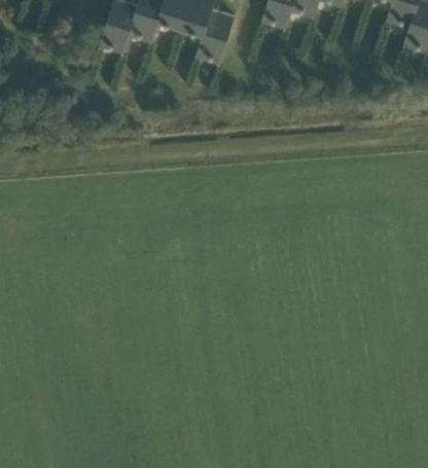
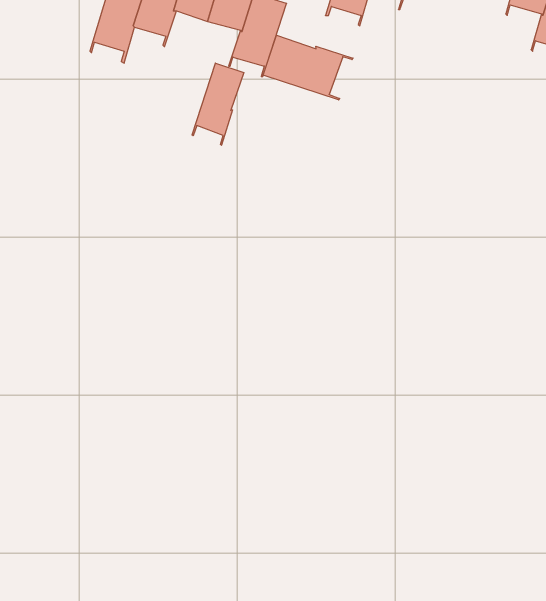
building: none -> [263,35,353,100]
building: none -> [192,63,244,145]

